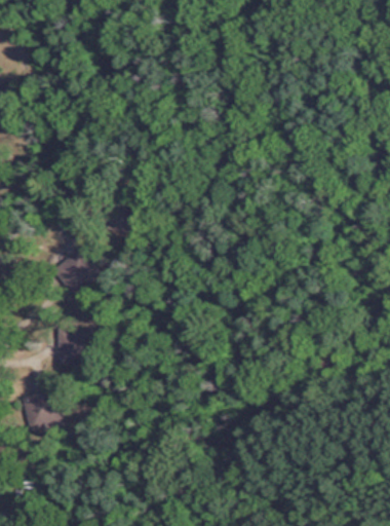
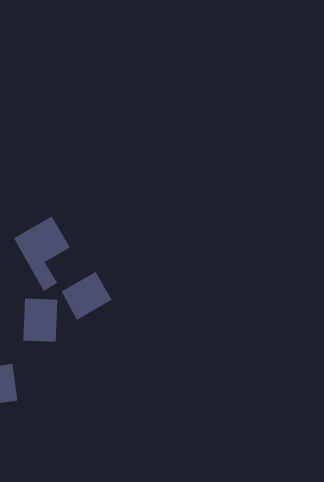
building: none -> [61,271,113,321]

